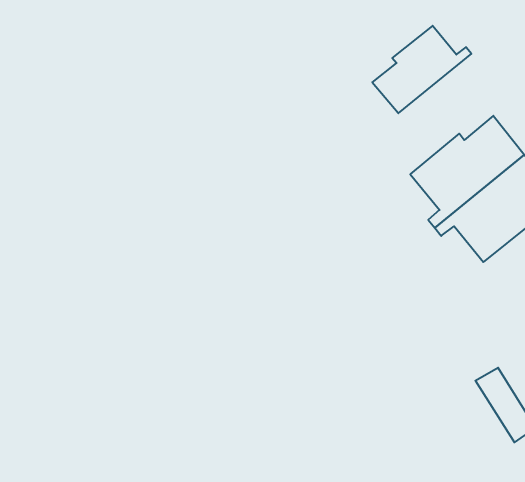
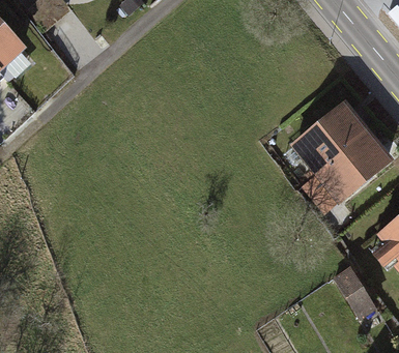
building: [372,26,471,113] -> none

